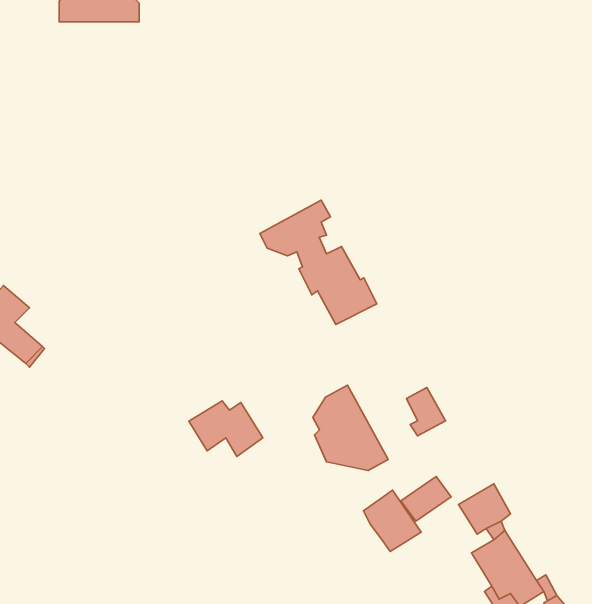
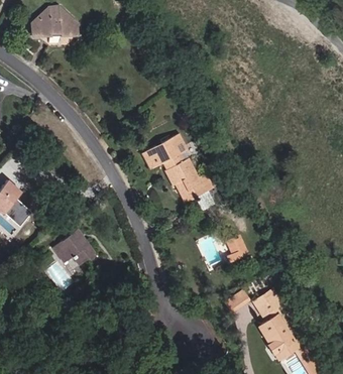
building: [313,385,388,471] -> none
building: [189,401,263,456] -> [59,238,99,268]
building: [363,490,421,552] -> none

